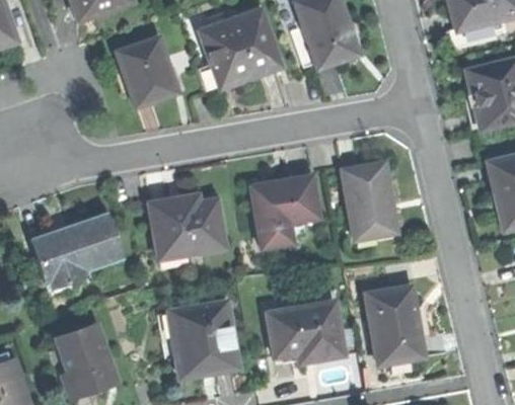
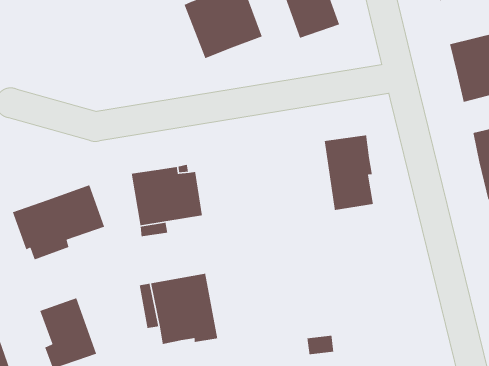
building: [119,38,179,106] -> none
building: [249,175,317,246] -> none
building: [367,285,422,360] -> none
building: [268,301,342,361] -> none

